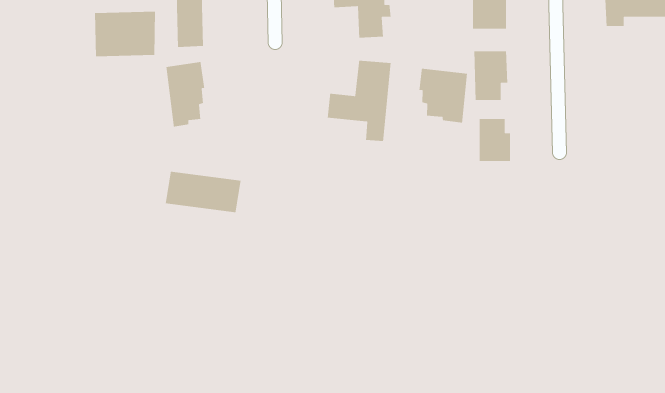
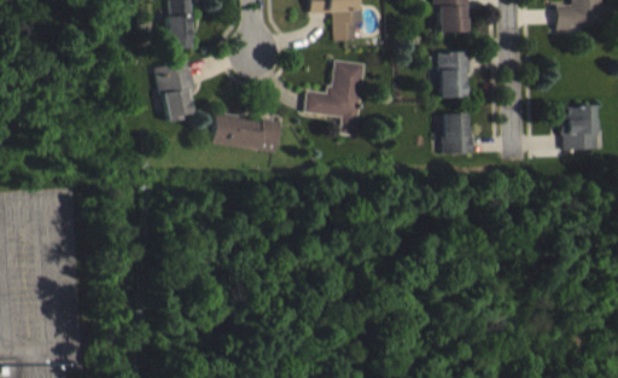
building: [94,11,156,57] -> none
building: [418,68,468,123] -> none
building: none -> [562,105,596,150]
building: [165,171,242,213] -> [210,114,280,152]

